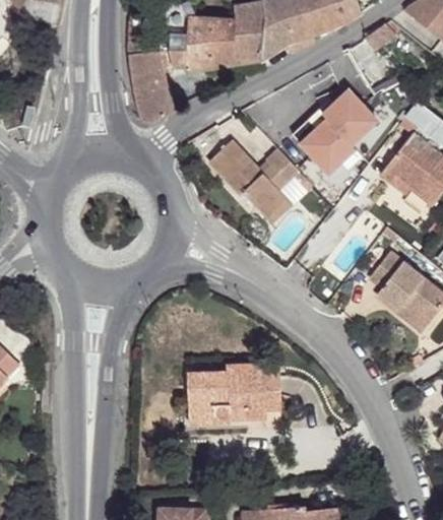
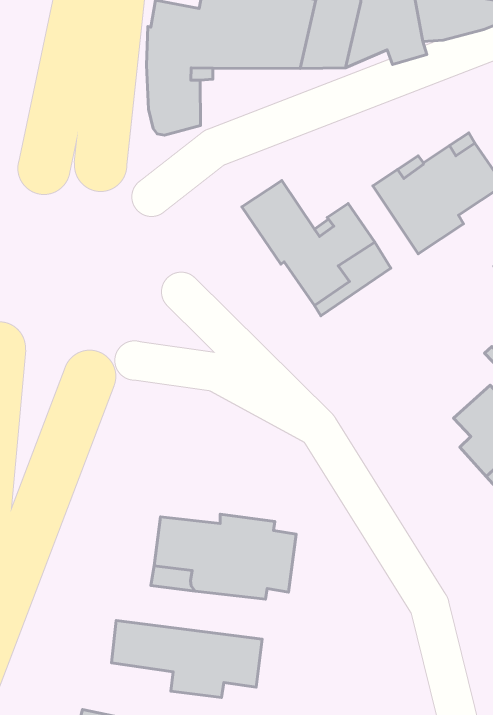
building: none -> [111,620,262,697]

